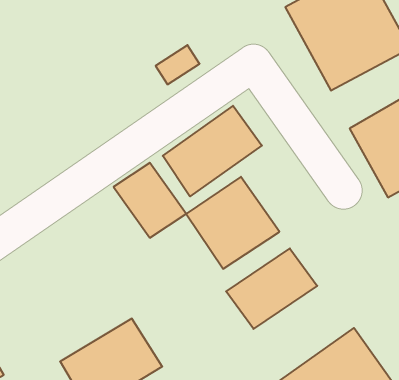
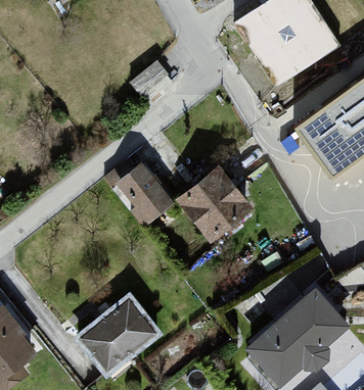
building: [163,106,262,196] -> none
building: [226,248,317,329] -> none

